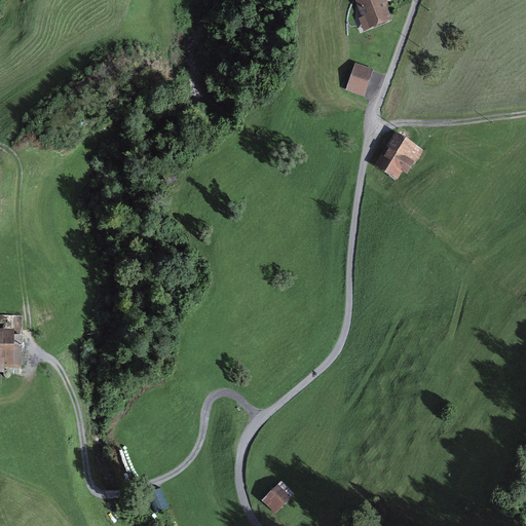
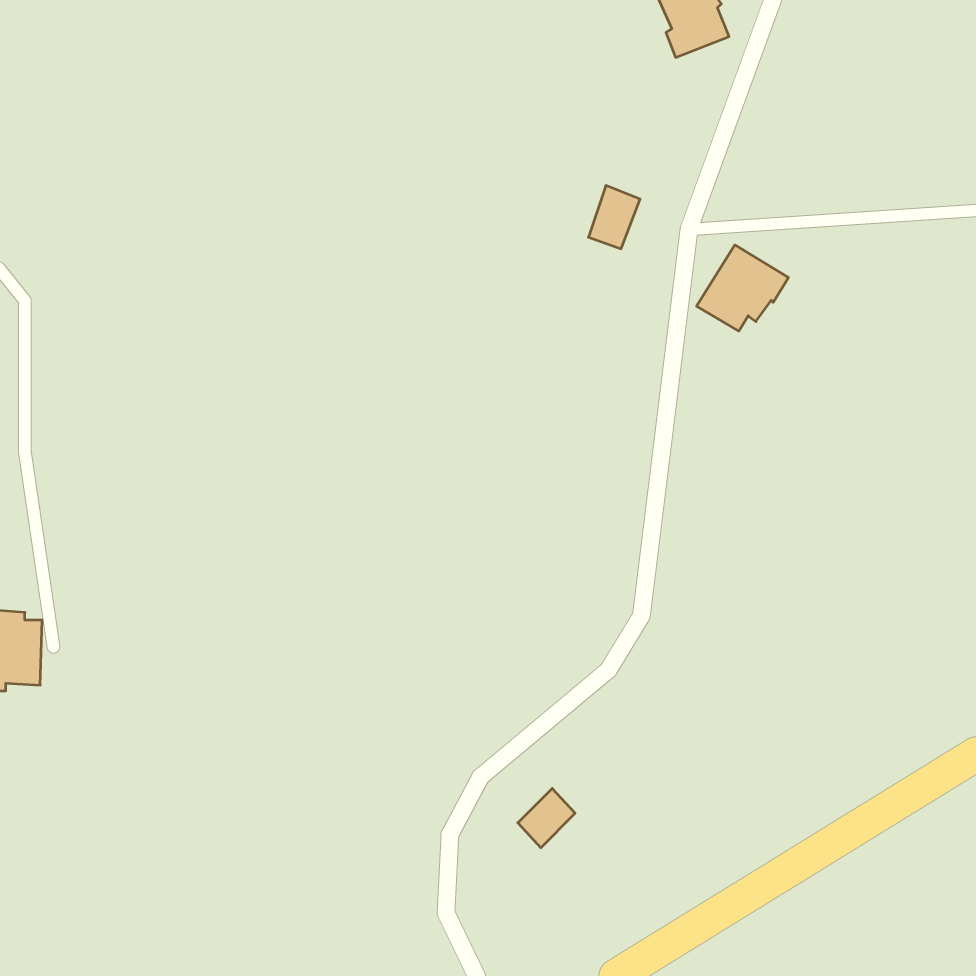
building: [345,62,373,96] -> [588,186,640,249]
building: [262,480,293,512] -> [518,788,575,848]

